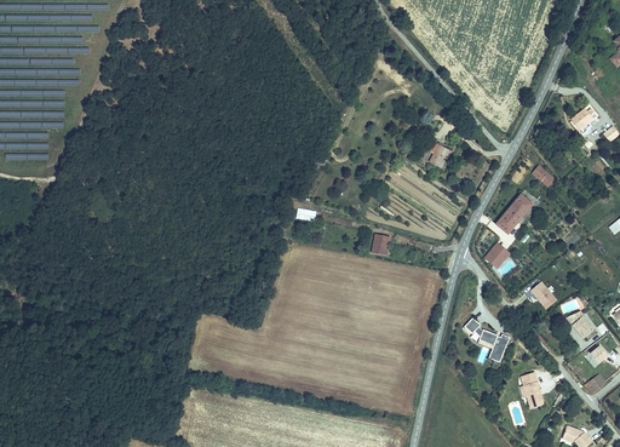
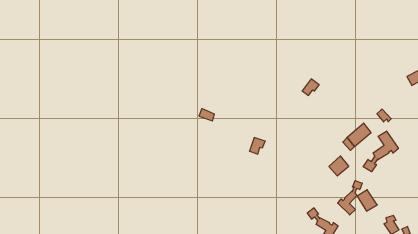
building: none -> [363,131,398,172]
building: none -> [338,181,362,215]

